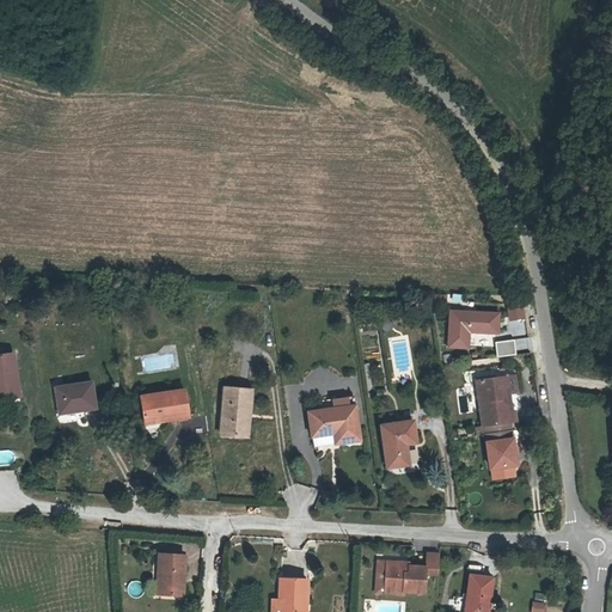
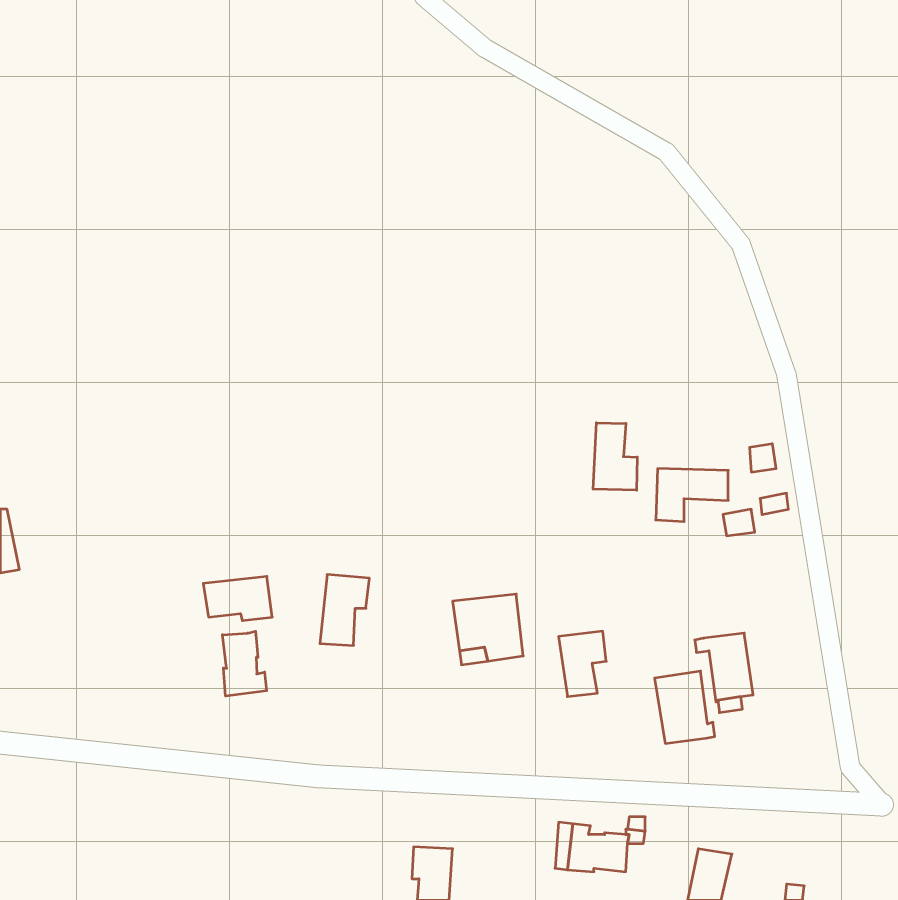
building: none -> [593,423,637,490]
building: [56,377,94,406] -> none
building: [472,382,513,432] -> [655,671,715,743]
building: none -> [222,631,267,696]
building: [160,546,188,589] -> none

